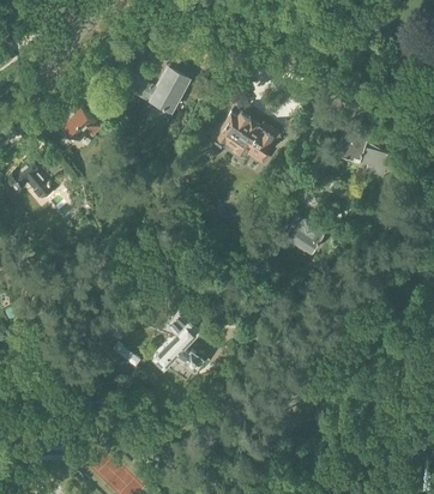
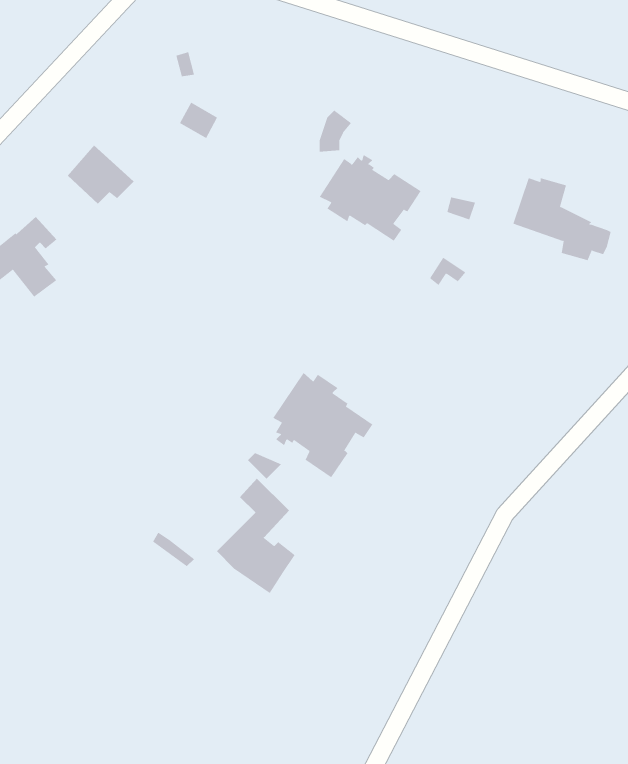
building: [150,68,187,112] -> none
building: [282,217,324,253] -> none
building: none -> [273,372,373,478]

